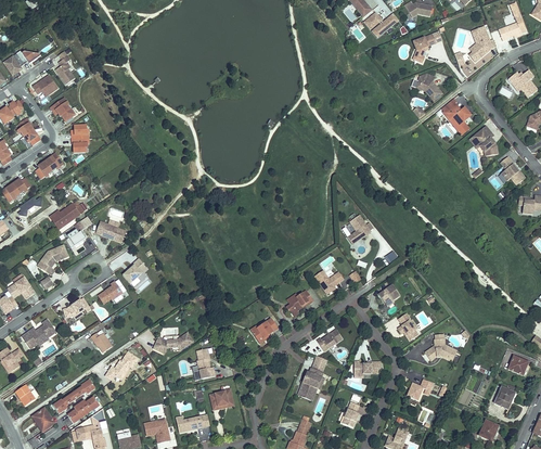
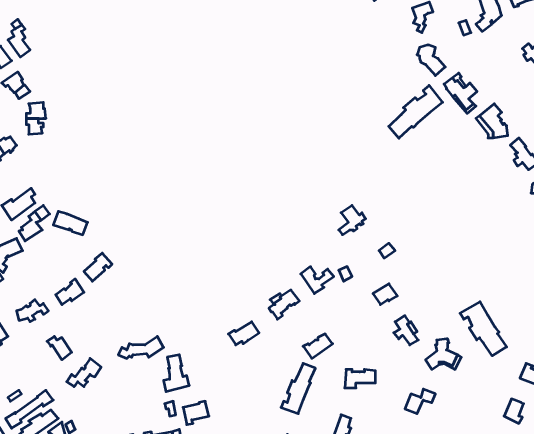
building: none -> [389,85,443,138]
building: none -> [460,302,507,356]

